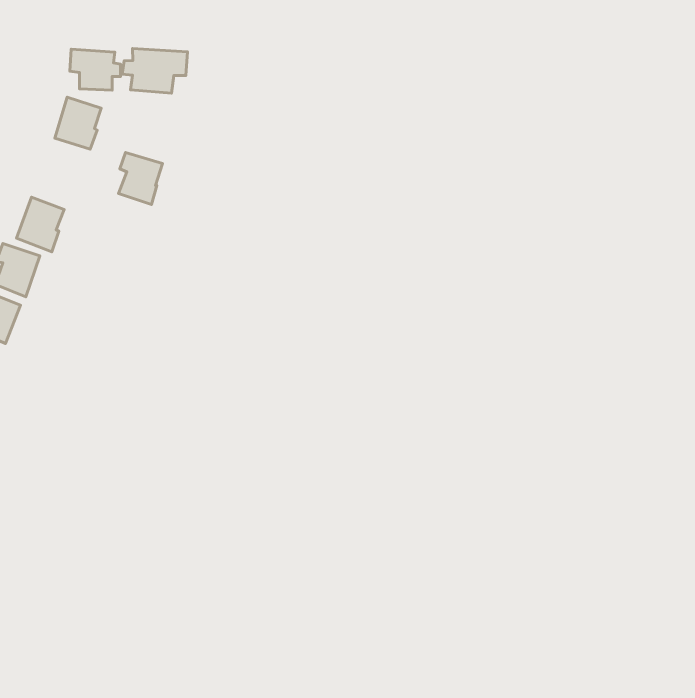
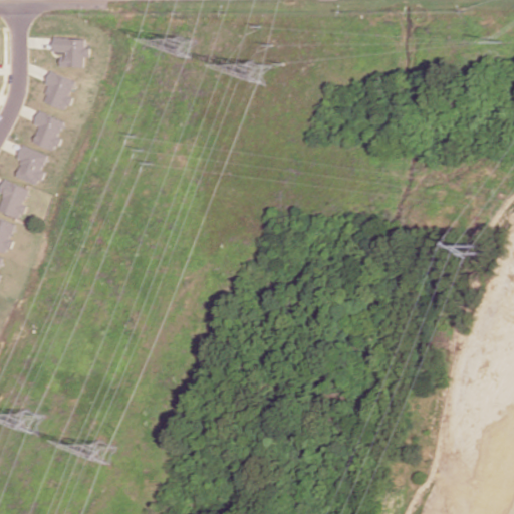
building: [122,48,187,93] -> none
building: [119,153,162,205] -> [31,112,63,151]

